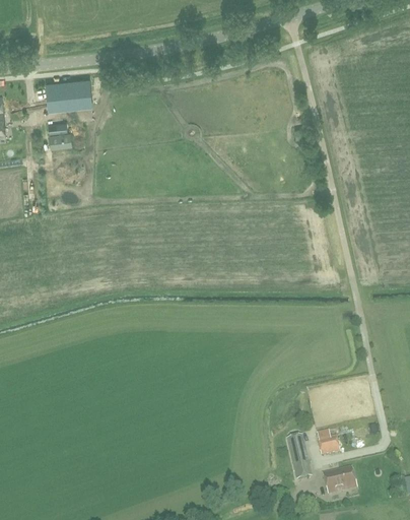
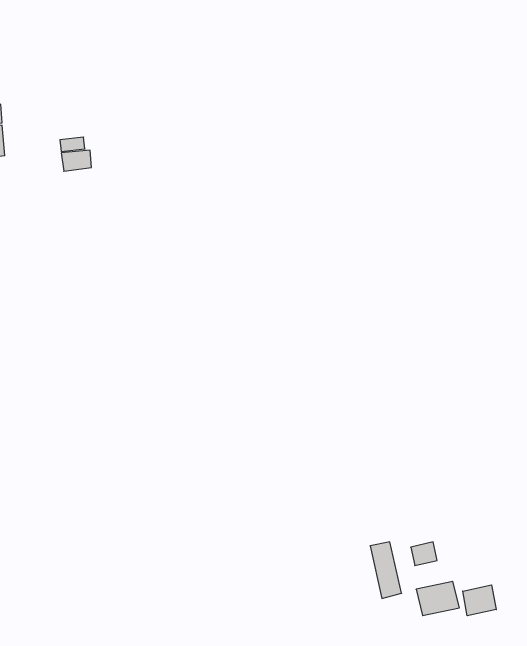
building: [47,80,91,109] -> none
building: none -> [463,585,496,616]

